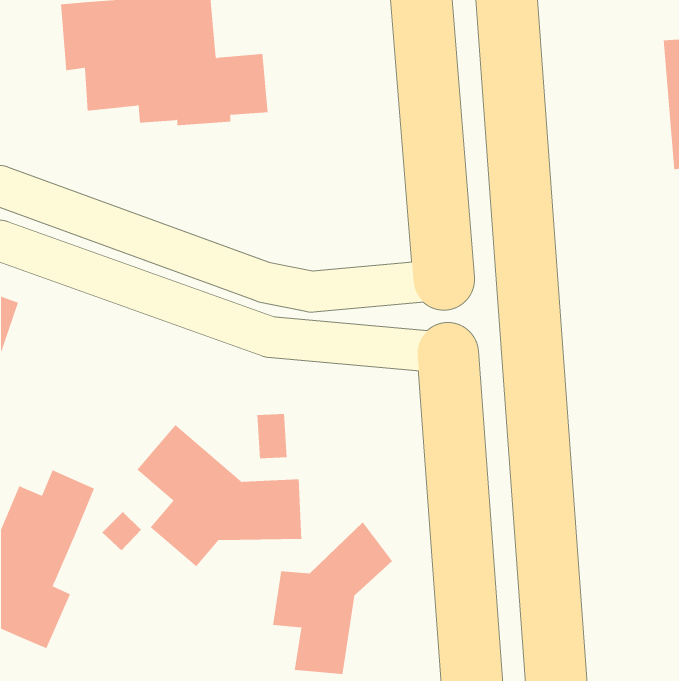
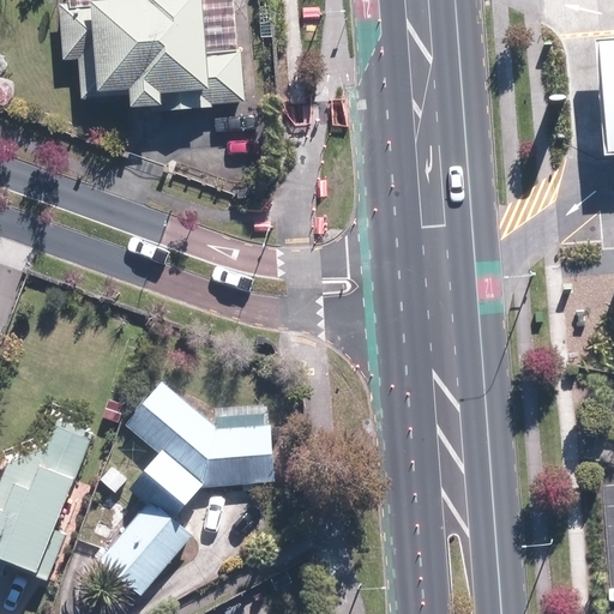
building: [272,521,393,675] -> none
building: none -> [96,499,189,596]

